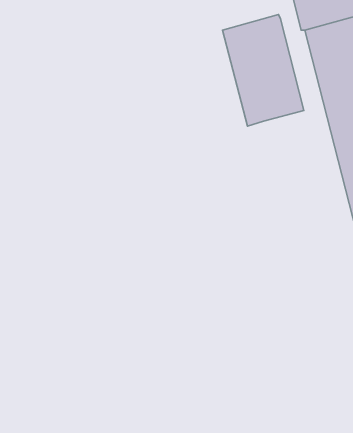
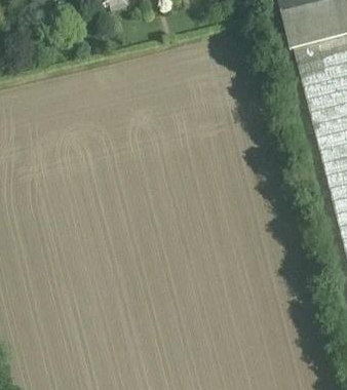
building: [222,15,304,126] -> none

